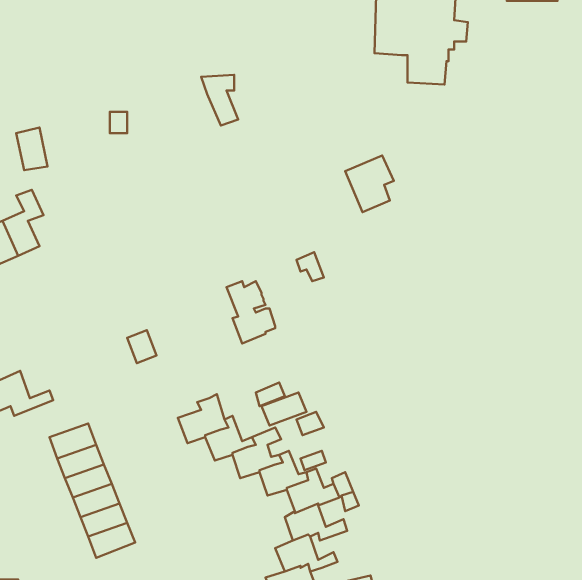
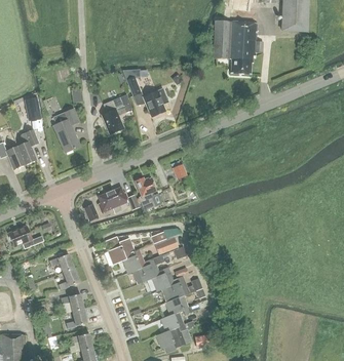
building: none -> [102,94,132,133]
building: none -> [53,108,80,152]
building: [345,156,394,212] -> [143,87,168,117]
building: none -> [98,187,140,212]

